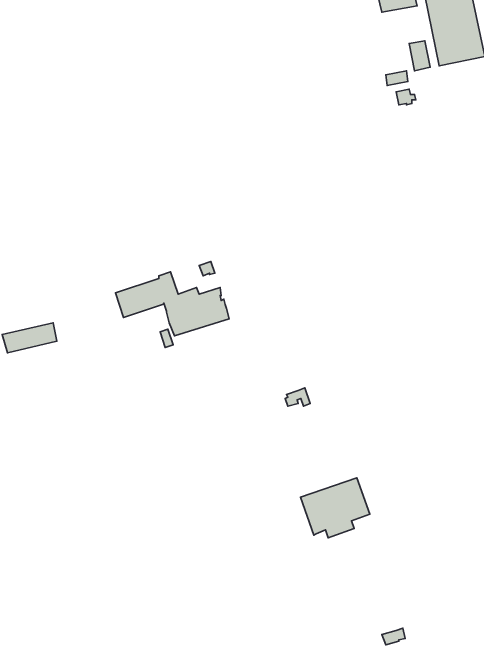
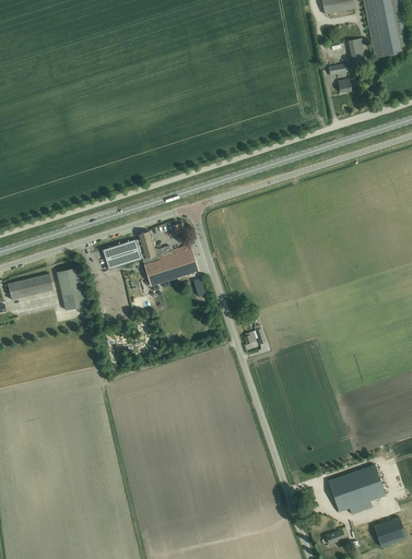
building: none -> [56,267,86,310]
building: [301,478,370,538] -> [327,464,385,514]
building: none -> [373,516,405,547]

